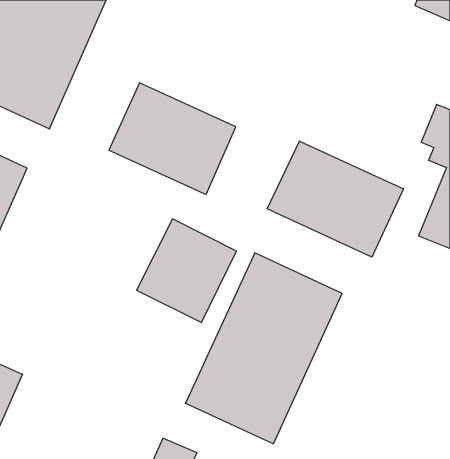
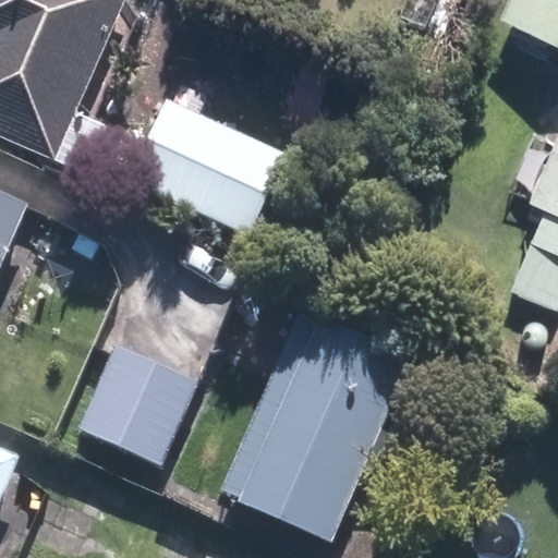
building: [267,141,404,257] -> none
building: [137,219,236,322] -> [73,343,194,469]

